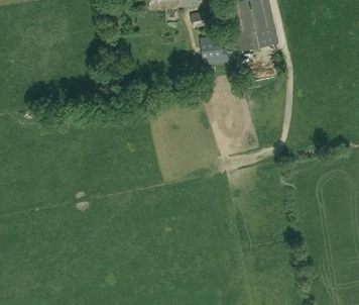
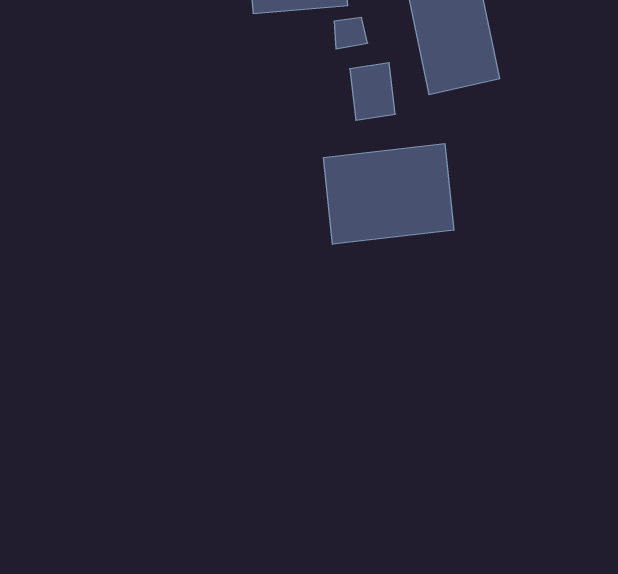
building: none -> [324,144,454,244]

